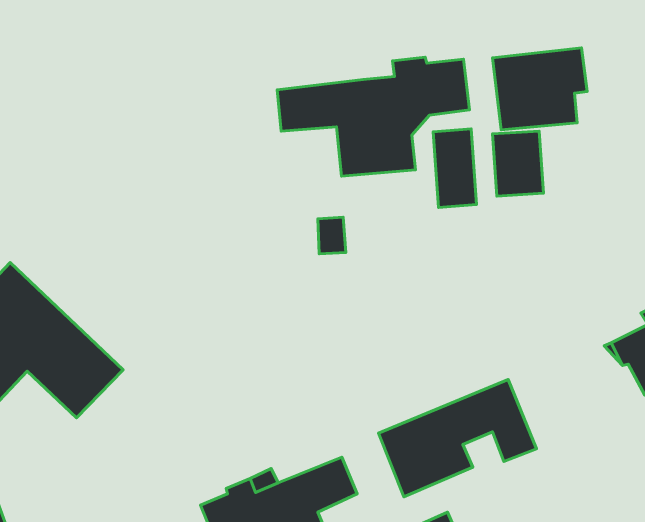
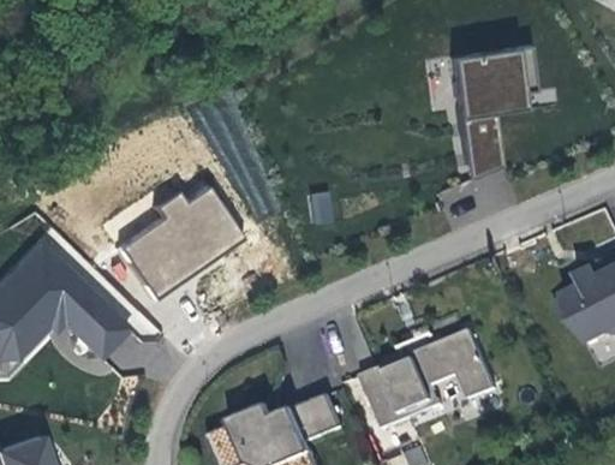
building: [277,57,470,176] -> none
building: [433,129,476,208] -> none
building: none -> [120,185,246,296]

